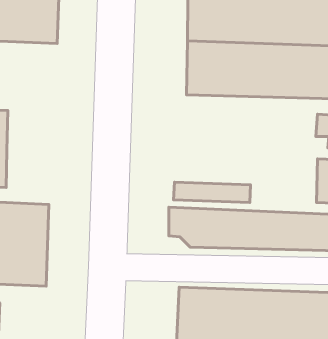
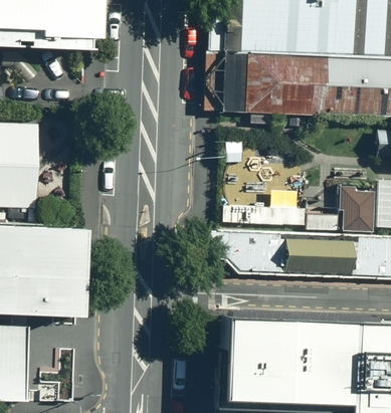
building: none -> [338,184,373,230]

